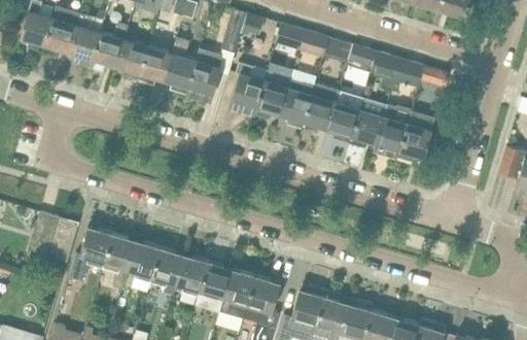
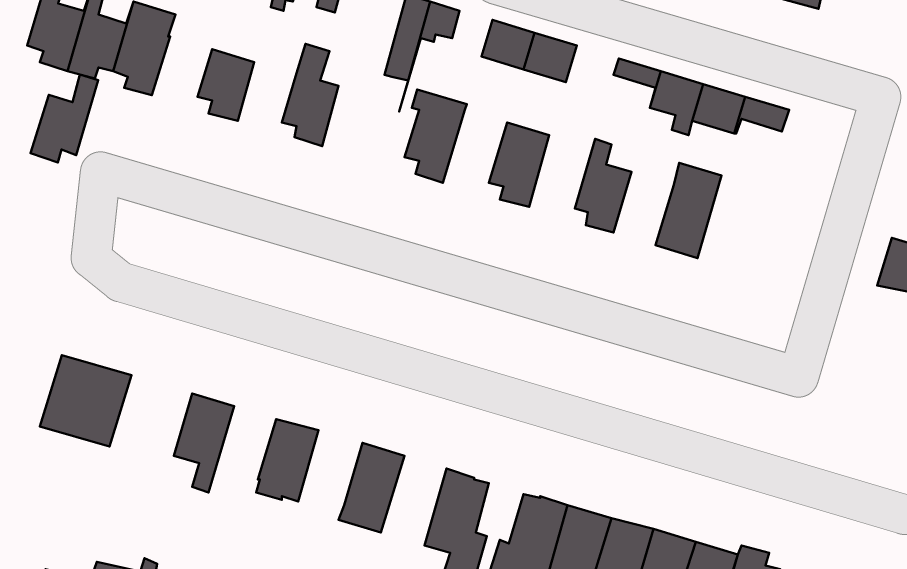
building: [90,21,128,70] -> [30,75,98,162]
building: [322,37,352,65] -> none
building: [138,46,171,84] -> none
building: [185,47,224,101] -> none
building: [253,73,289,118] -> none
building: [302,82,339,133] -> none
building: [349,108,383,147] -> none
building: [396,110,434,161] -> none
building: [69,227,112,281] -> none
building: [128,240,160,293] -> none
building: [174,253,208,296] -> none
building: [218,268,255,317] -> none

